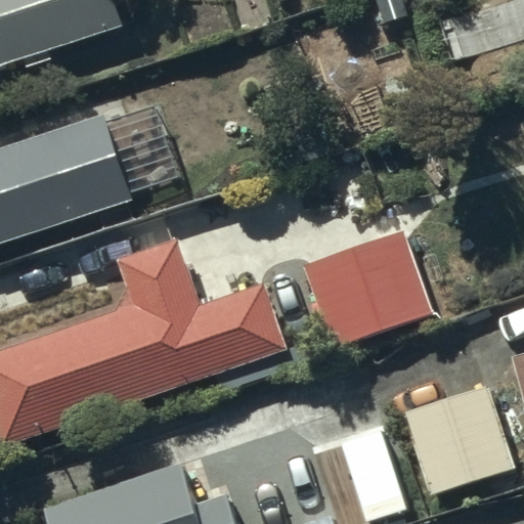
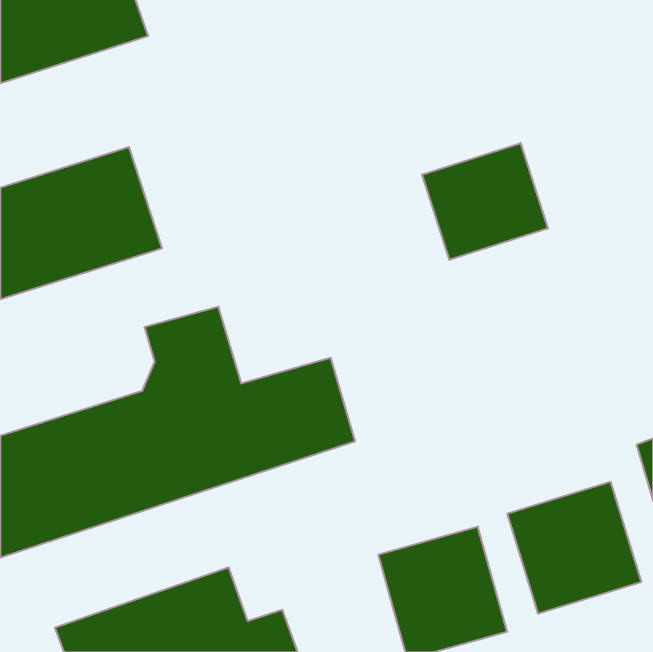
building: none -> [422,143,548,260]
building: [304,231,429,346] -> none

